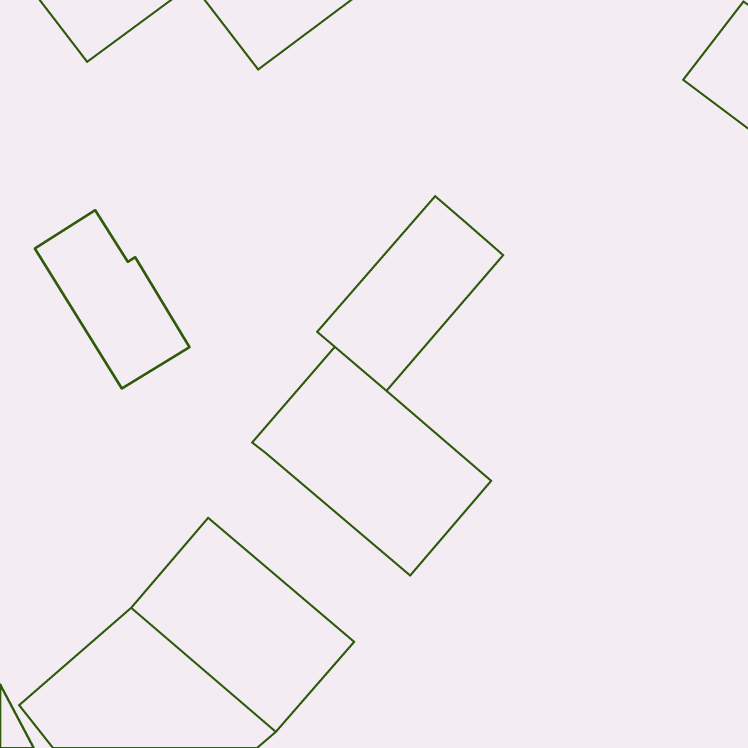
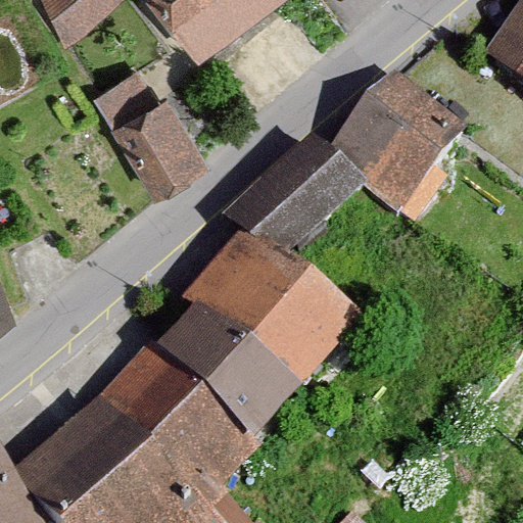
building: none -> [327,70,462,208]
building: [35,210,190,389] -> [100,73,207,196]
building: none -> [148,314,288,444]

